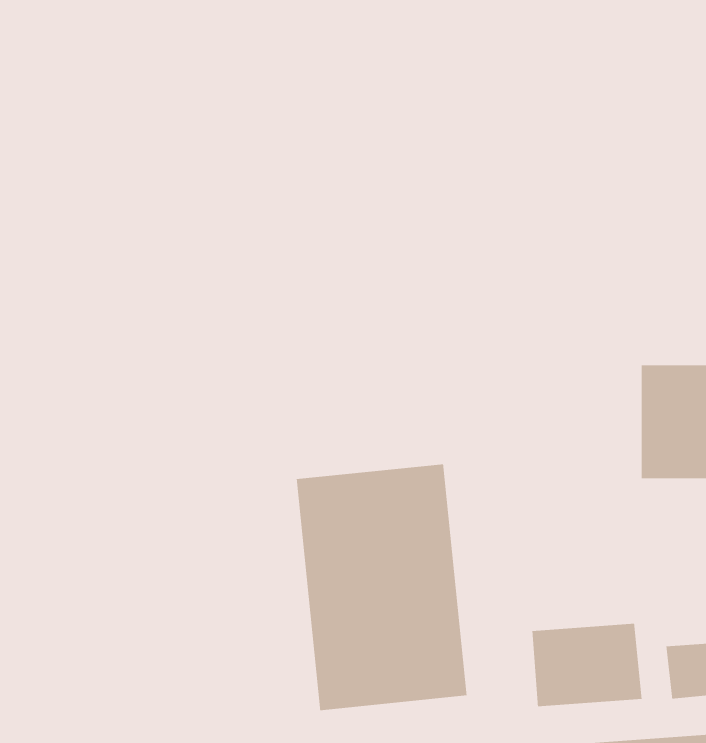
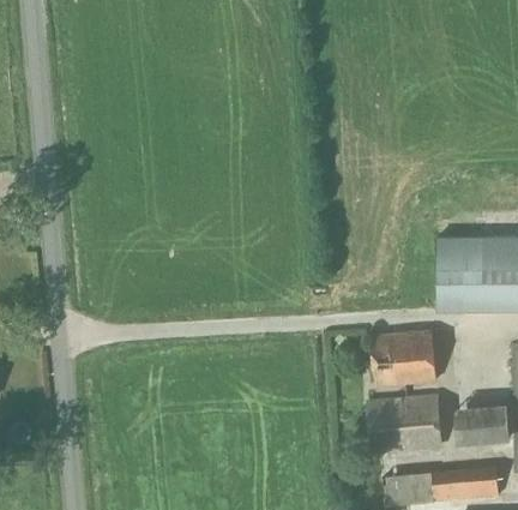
building: [296,464,468,711] -> none
building: none -> [373,334,436,388]

